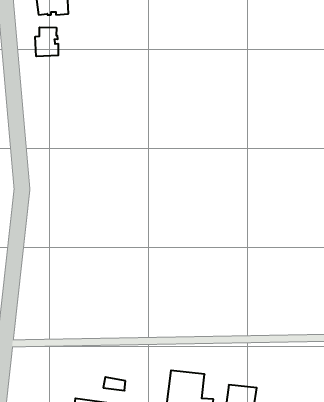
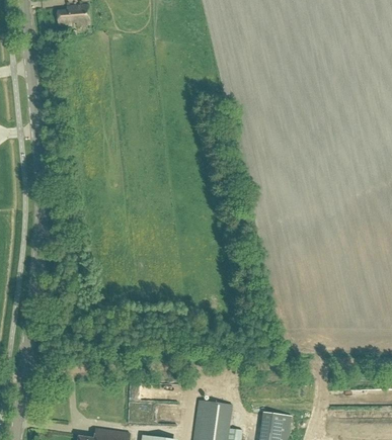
building: [35,27,58,56] -> none

